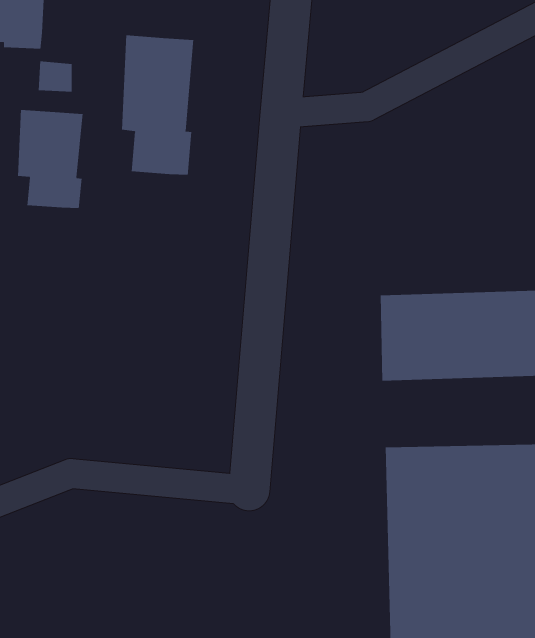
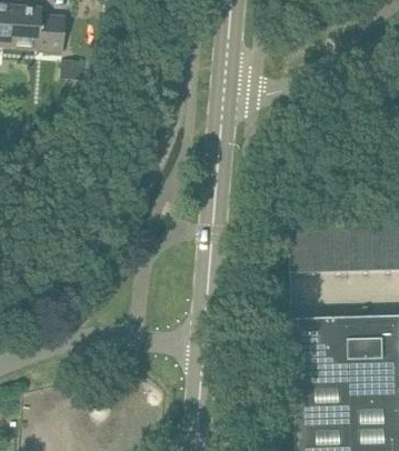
building: [121,35,194,175] -> none
building: [17,109,83,209] -> none

